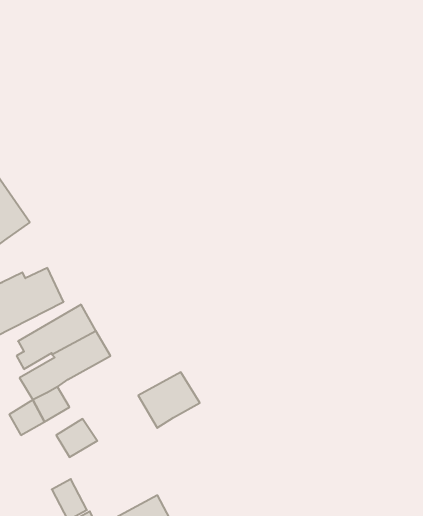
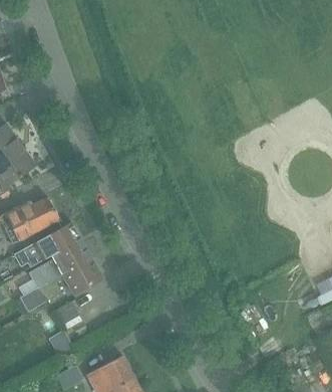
building: [138,372,200,428] -> [60,257,102,296]

